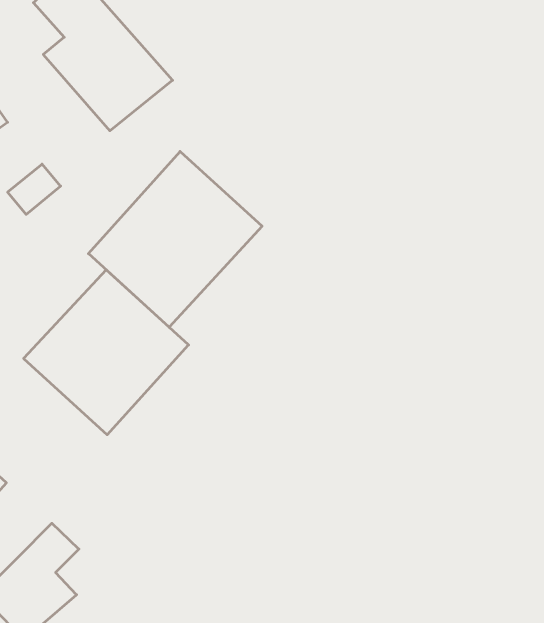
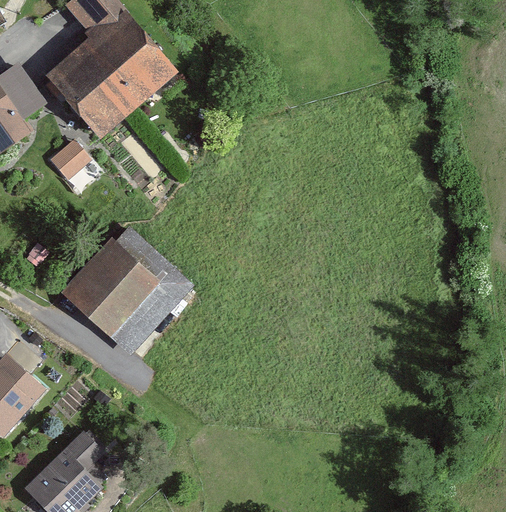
building: none -> [44,48,129,137]
building: [88,151,262,327] -> none

